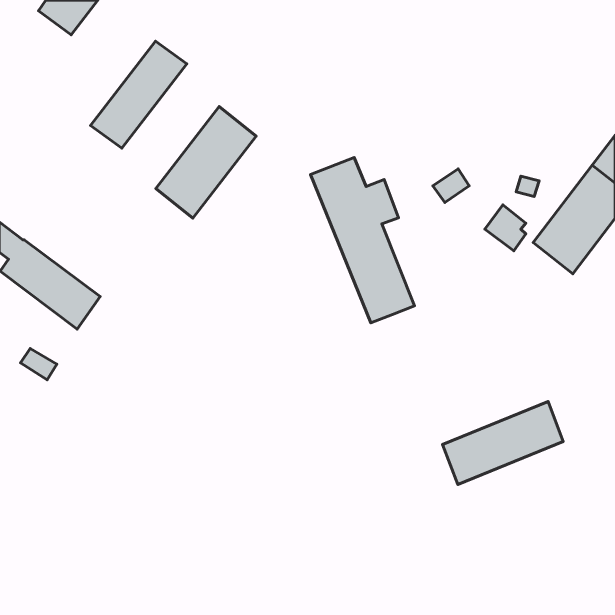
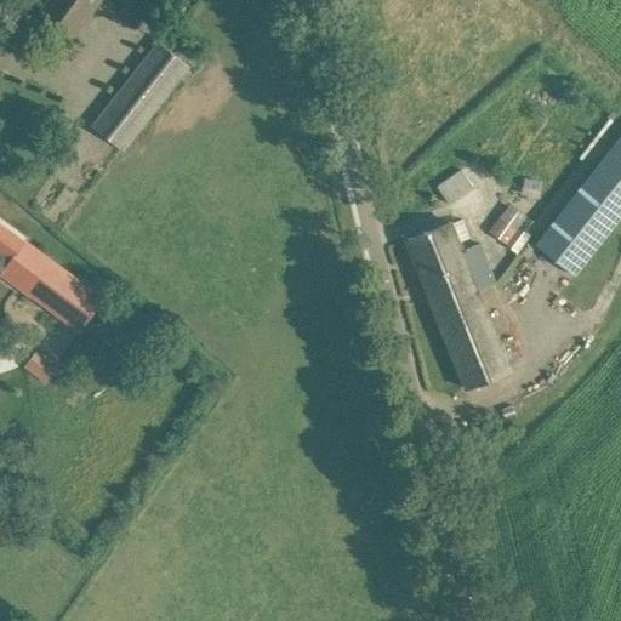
building: [156,107,256,218] -> none
building: [311,158,414,323] -> [405,223,509,389]
building: [443,402,563,484] -> none

